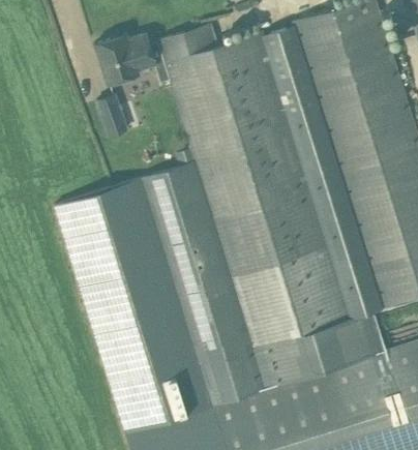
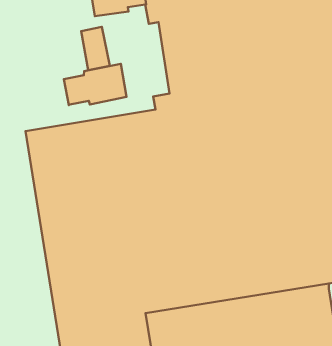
building: none -> [64,64,126,105]

